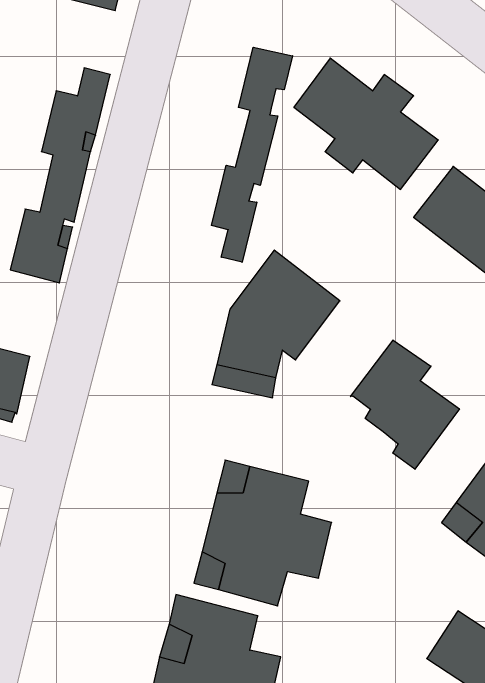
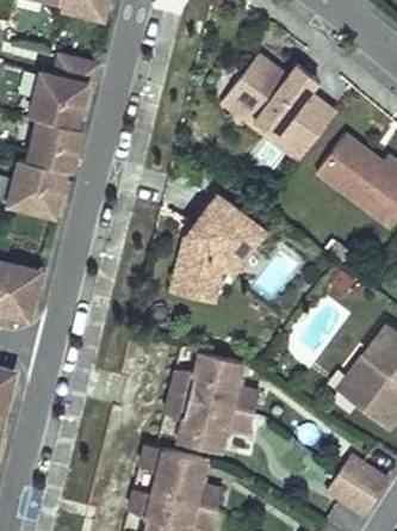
building: [211,47,293,262] -> none
building: [351,340,459,469] -> none

